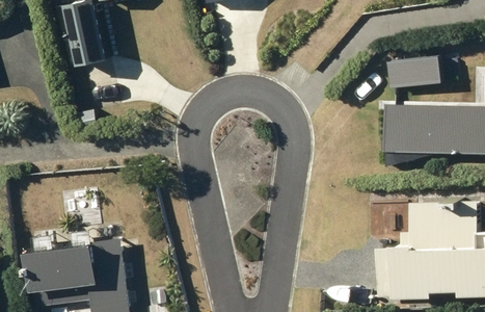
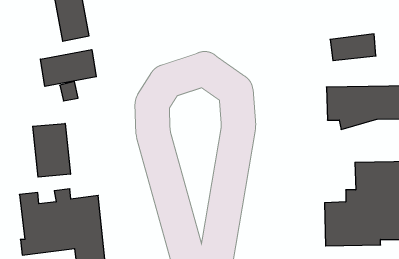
building: none -> [40,50,96,86]
building: none -> [33,123,70,177]

